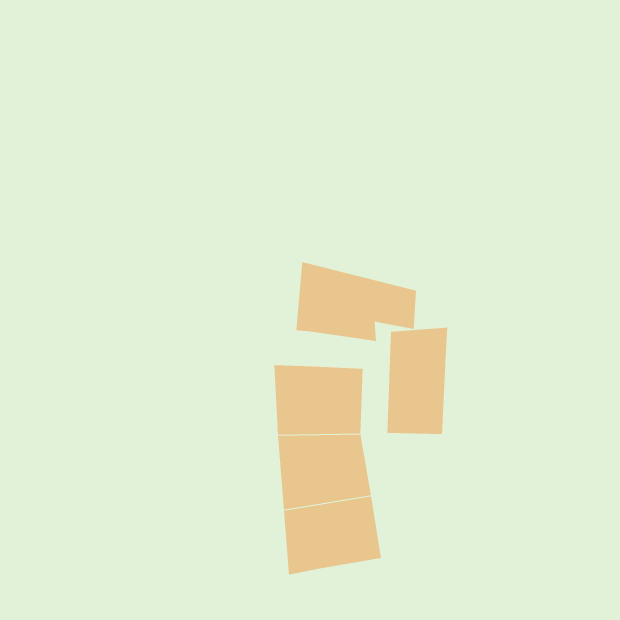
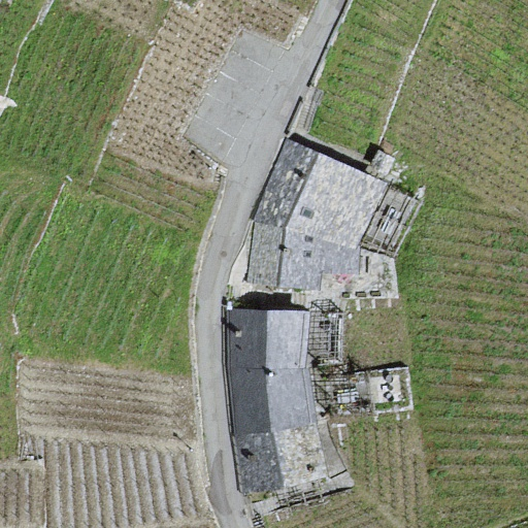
building: none -> [256,141,382,246]
building: [387,327,448,435] -> none

